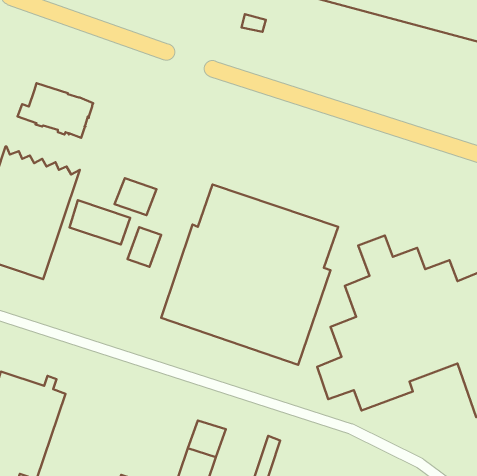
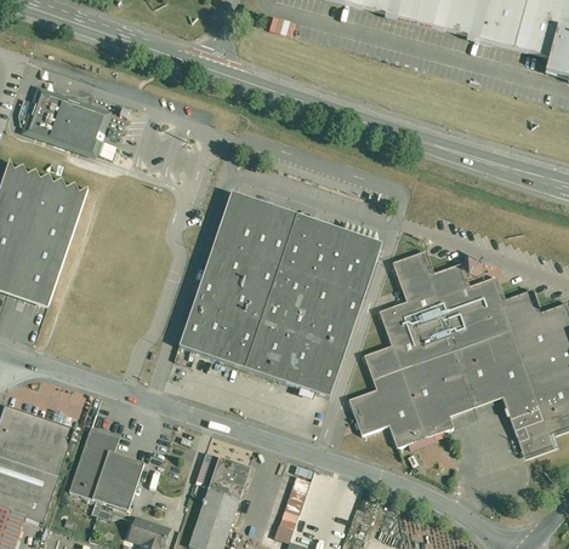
building: [115,178,157,215] -> none
building: [69,200,130,244] -> none
building: [127,227,161,267] -> none
building: none -> [70,428,144,510]

